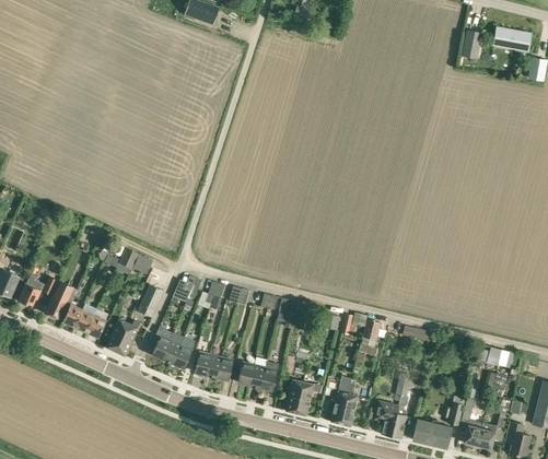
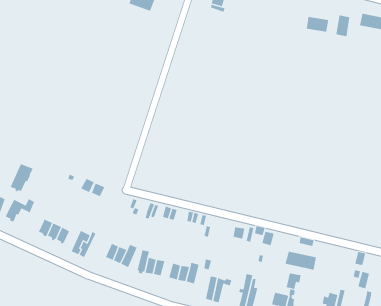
building: none -> [306,16,329,33]
building: [45,281,77,319] -> [10,164,33,192]
building: [138,284,164,317] -> none
building: none -> [285,251,317,271]

